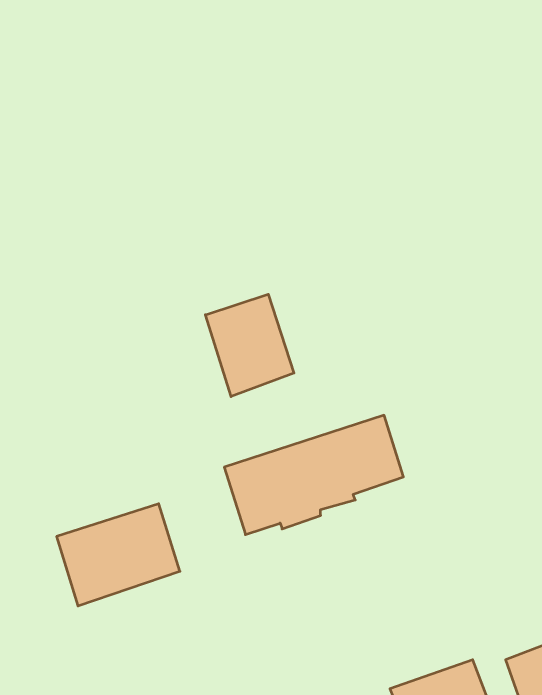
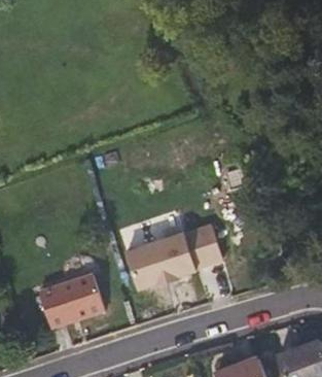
building: [205,294,294,397] -> none

